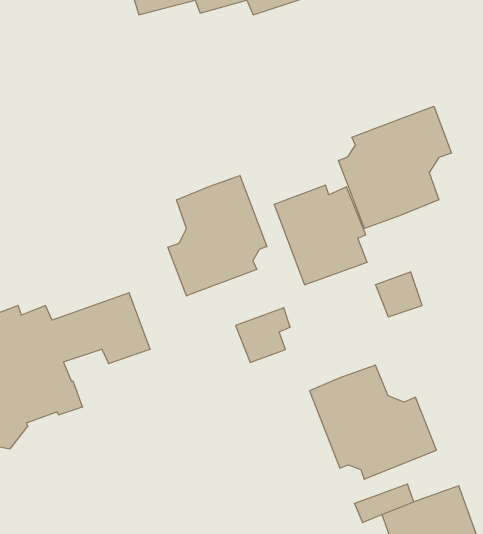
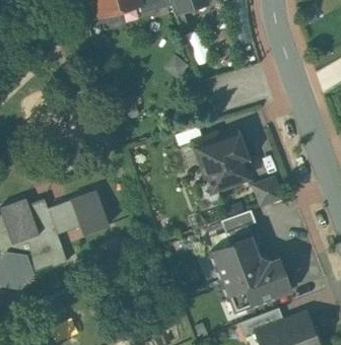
building: [339,106,452,228] -> none
building: [168,175,267,296] -> none
building: [236,308,290,362] -> [221,210,256,245]

